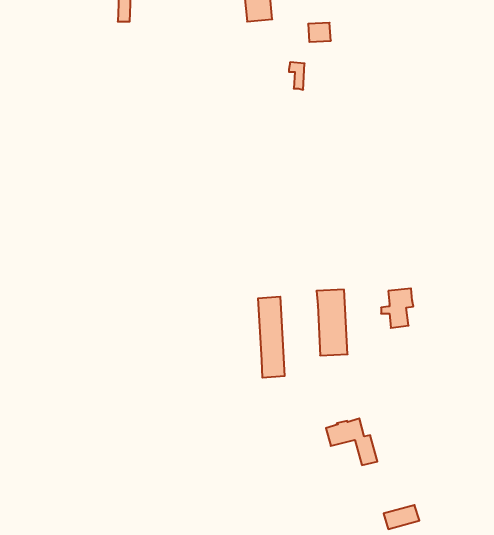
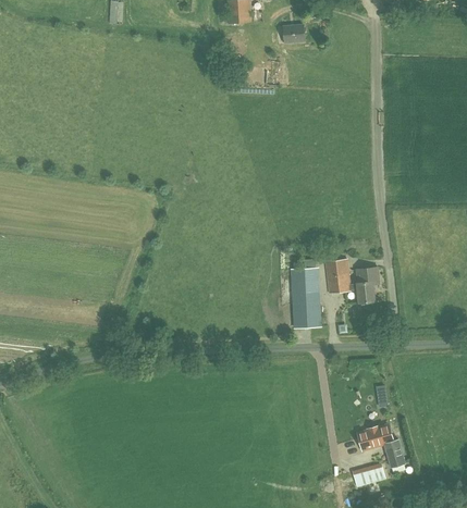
building: none -> [324,259,349,293]
building: [258,297,285,378] -> none
building: [326,418,377,465] -> [357,424,404,467]

